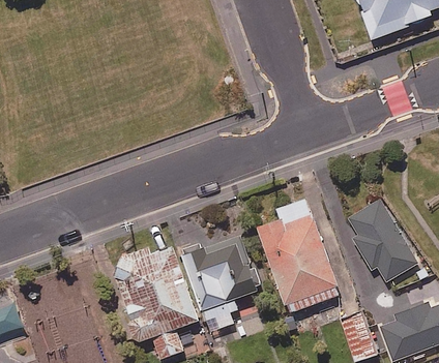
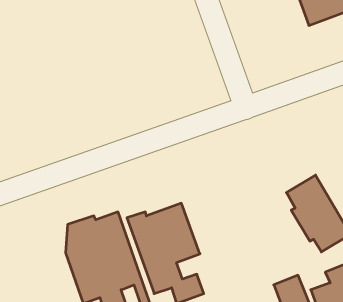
building: [255,193,339,308] -> none

